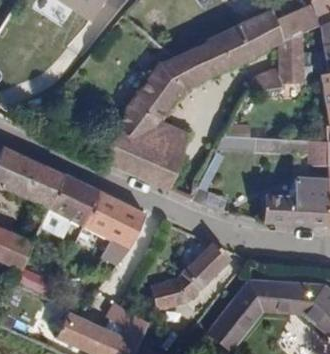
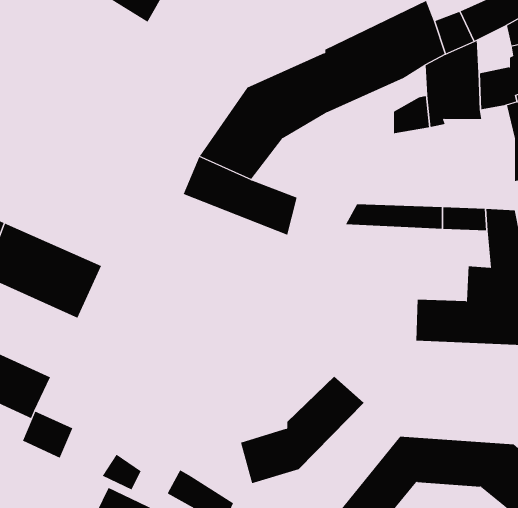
building: [102,129,183,191] -> none
building: [51,174,148,265] -> none

